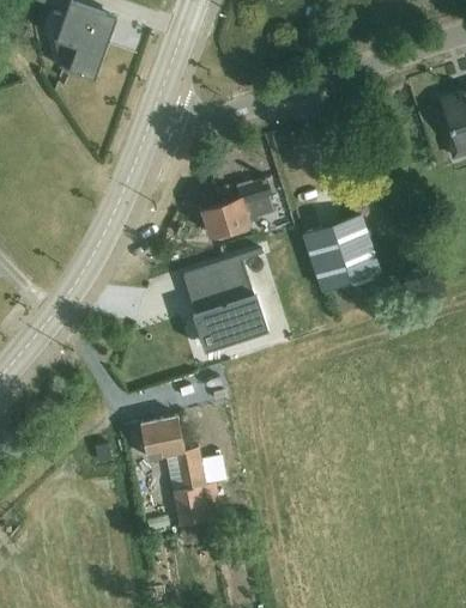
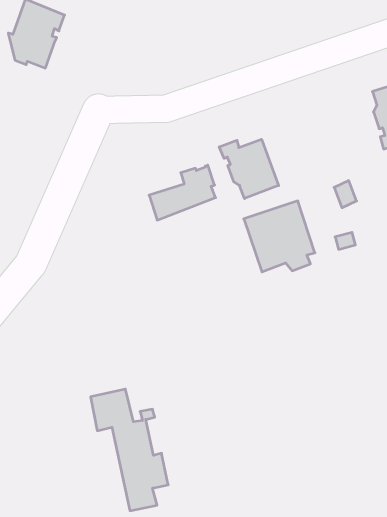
building: none -> [219,139,279,199]
building: [183,256,270,349] -> none

